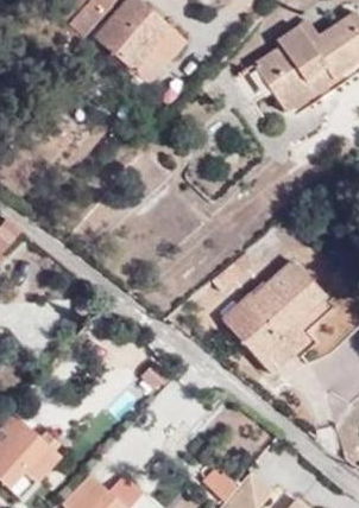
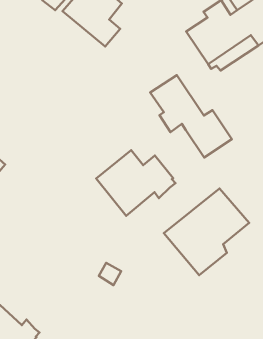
building: none -> [150,75,232,157]
building: none -> [96,150,176,216]

